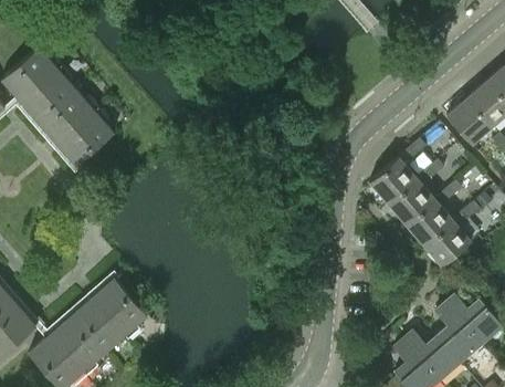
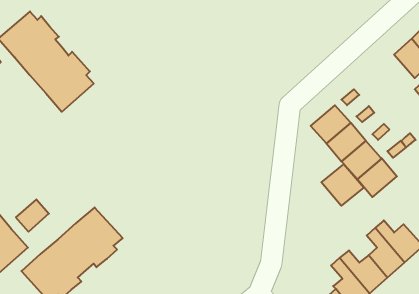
building: [445,98,491,144] -> none
building: none -> [321,164,364,206]
building: none -> [16,199,49,232]

